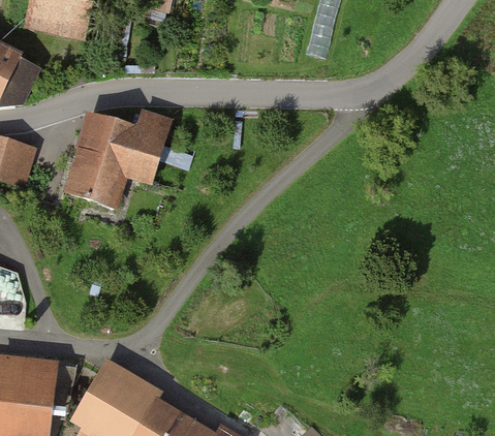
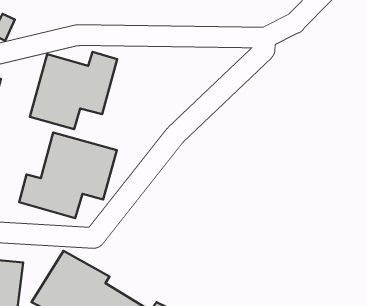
building: none -> [19,133,117,218]

